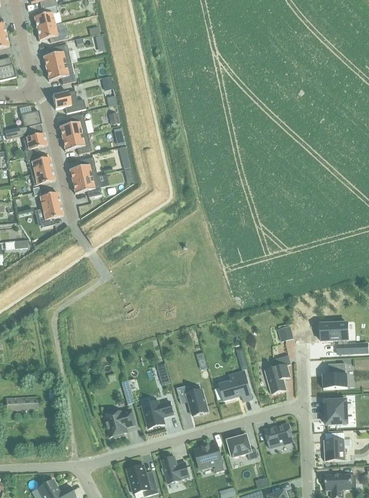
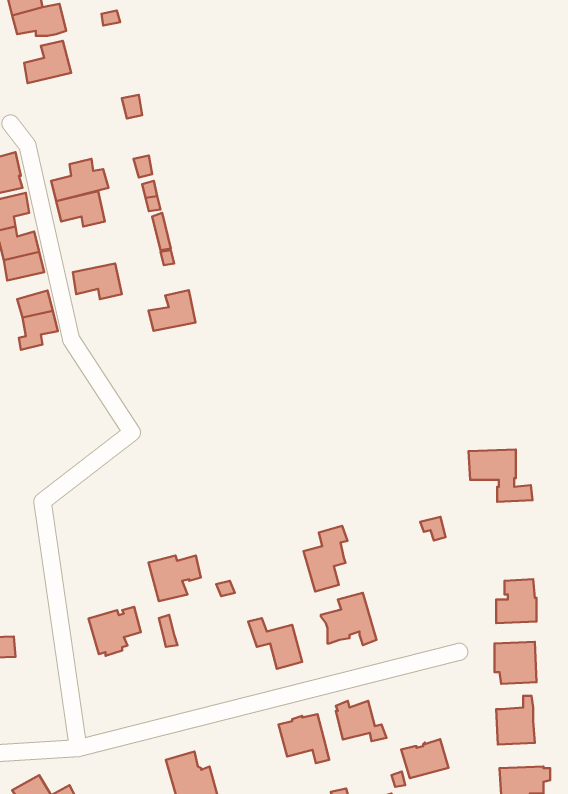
building: [45,62,75,83] -> none
building: [52,90,85,113] -> none
building: [69,156,97,180] -> [148,290,196,331]
building: [320,322,358,353] -> [469,450,533,502]
building: [265,354,291,393] -> [304,526,347,592]
building: [142,400,173,427] -> [149,556,201,601]
building: [104,408,135,437] -> [89,607,141,656]
building: [265,423,293,446] -> [401,739,448,778]
building: [161,455,190,483] -> none

